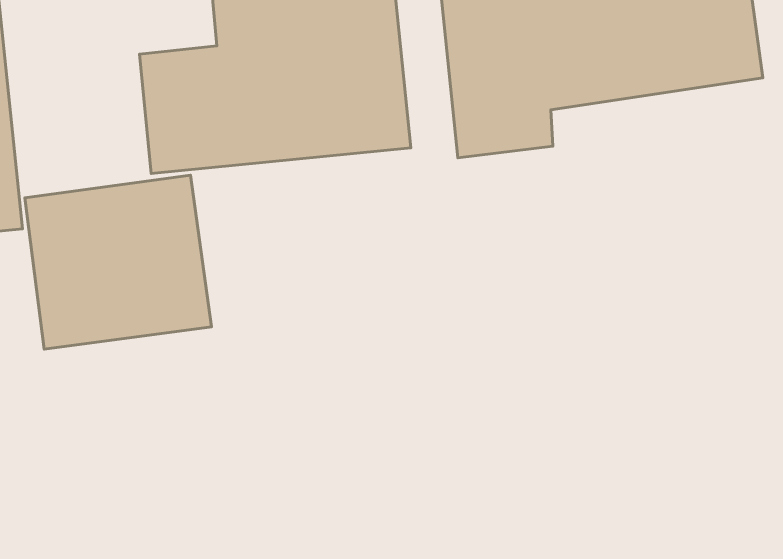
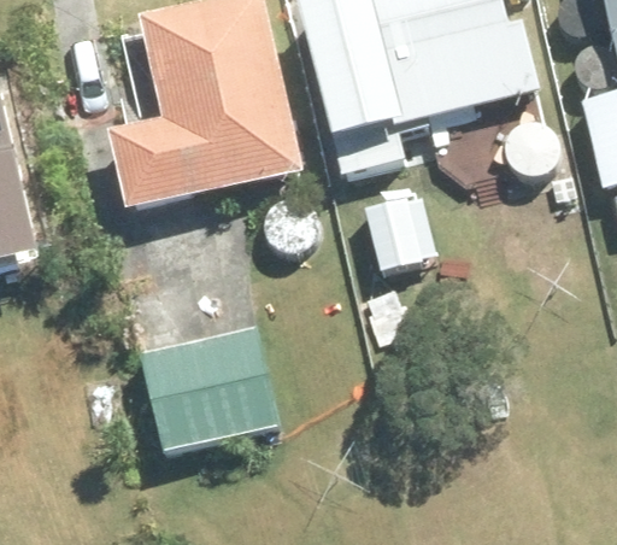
building: [25,175,212,349] -> [136,320,278,455]

